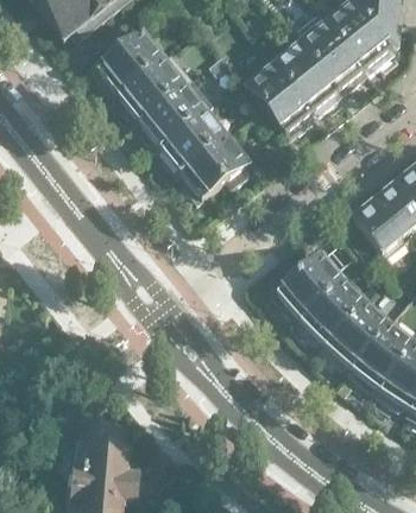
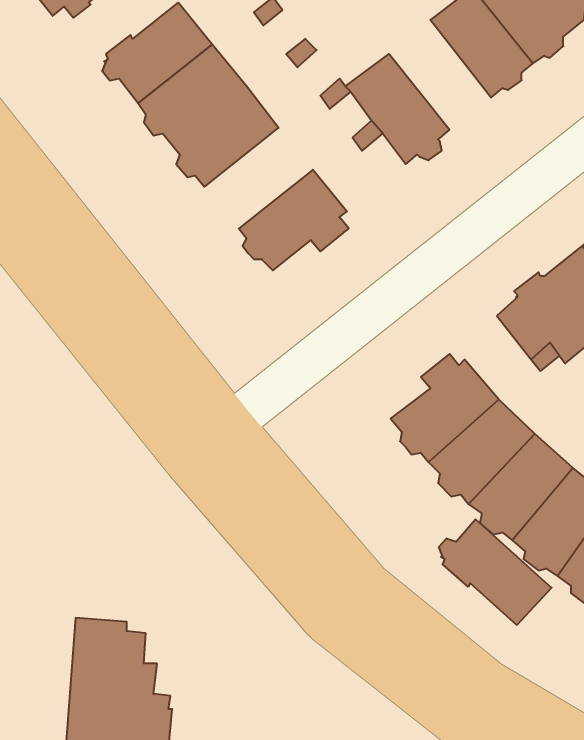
building: [276,36,340,104] -> none
building: [160,103,228,166] -> none
building: none -> [439,519,552,625]

